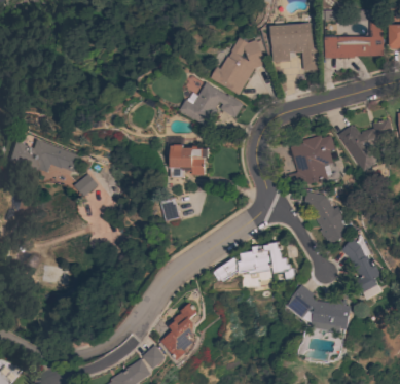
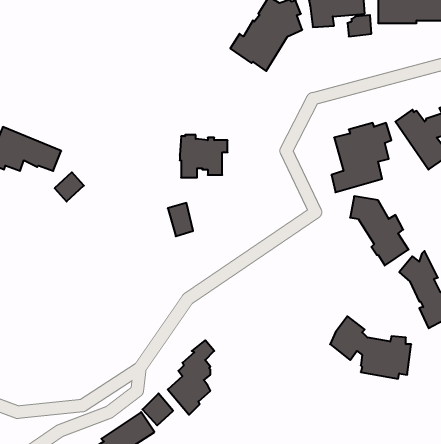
building: [179,82,243,127] -> none
building: [217,241,285,281] -> none

